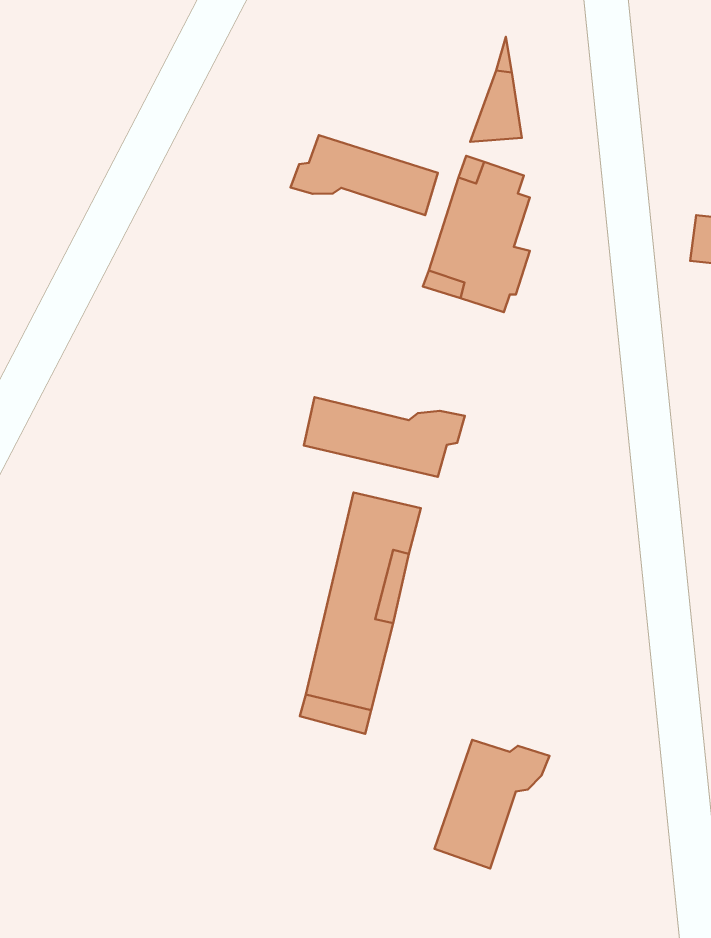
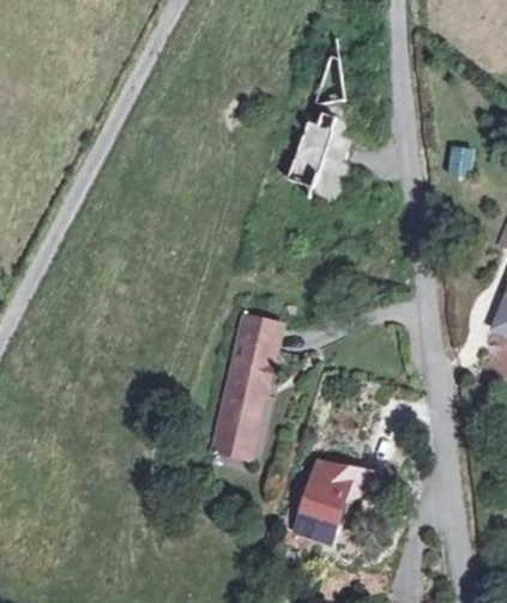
building: [290,135,438,215] -> none
building: [304,397,465,477] -> none

